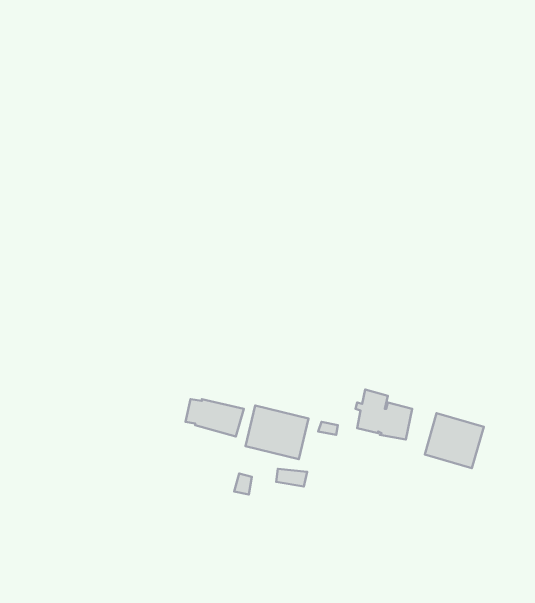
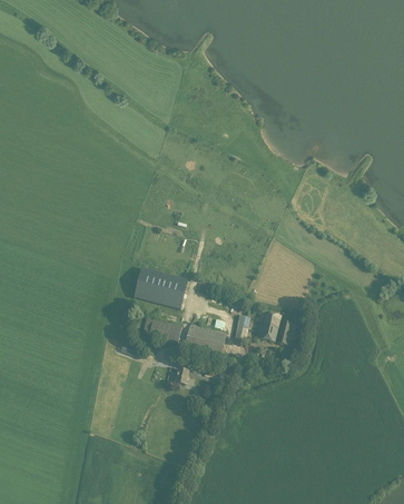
building: none -> [134,269,187,308]
building: [425,413,484,468] -> none

